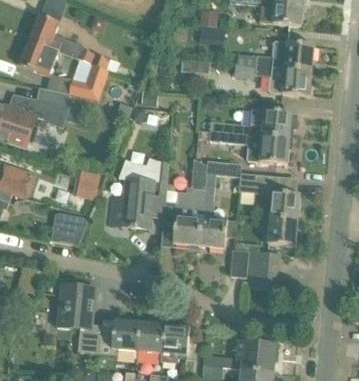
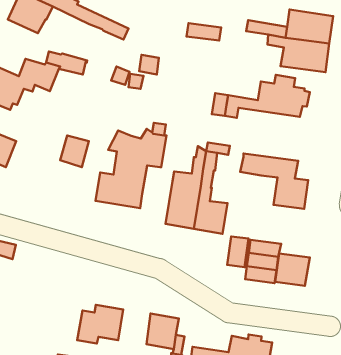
building: [70,64,108,99] -> none
building: [232,132,289,163] -> none
building: [51,212,88,244] -> none
building: [268,218,298,246] -> [275,253,310,286]
building: [56,284,102,351] -> none
building: [136,321,164,351] -> none

